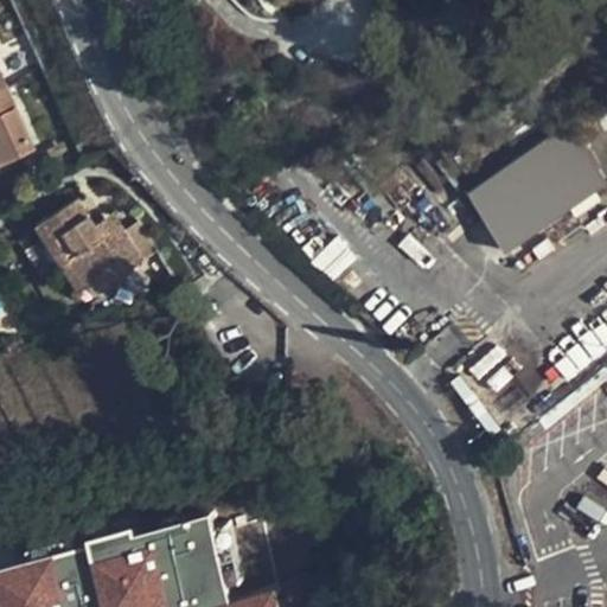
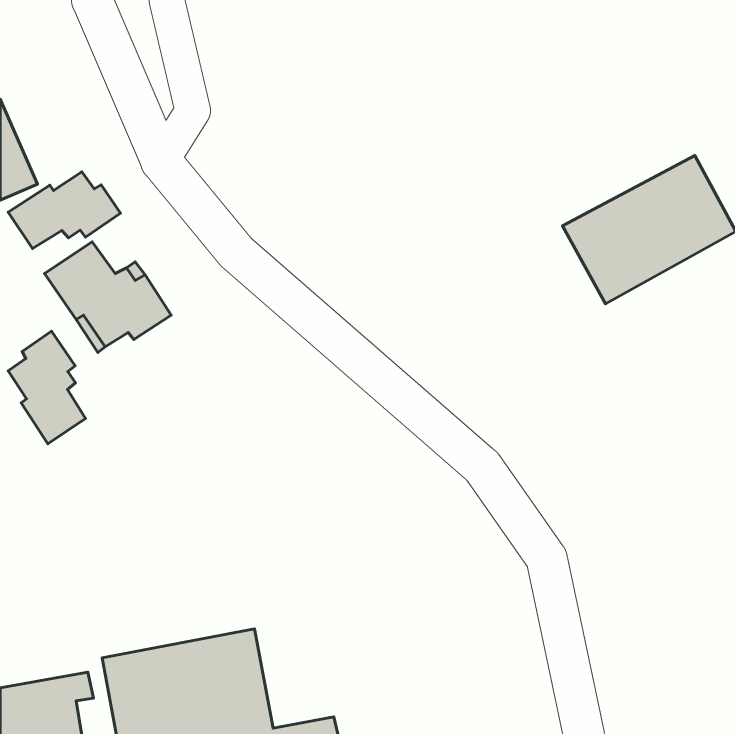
building: none -> [8,172,120,249]
building: none -> [8,331,86,444]

